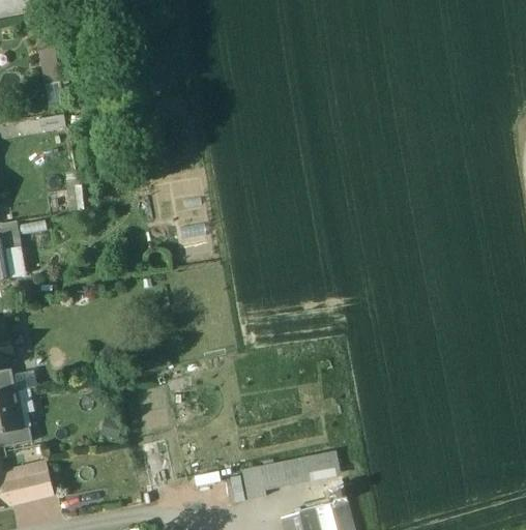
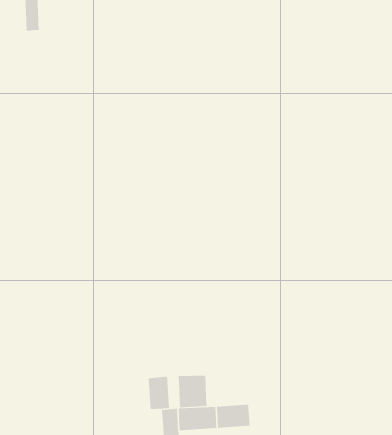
building: none -> [178,375,207,408]
building: none -> [148,376,170,410]

